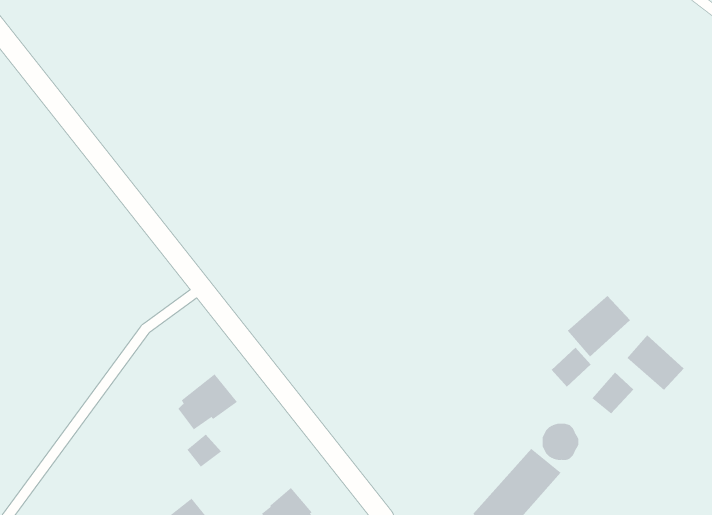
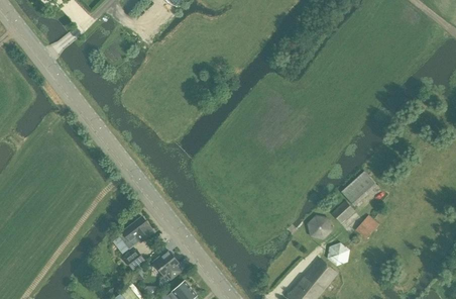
building: [627,334,685,391] -> none
building: none -> [307,216,330,239]
building: none -> [152,252,181,283]

